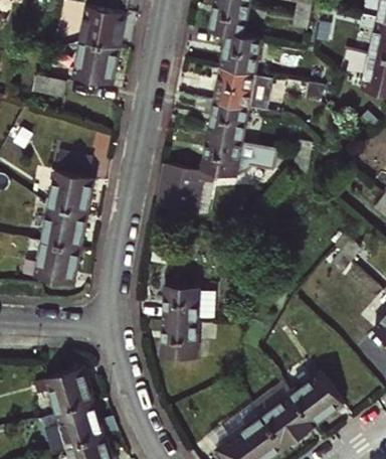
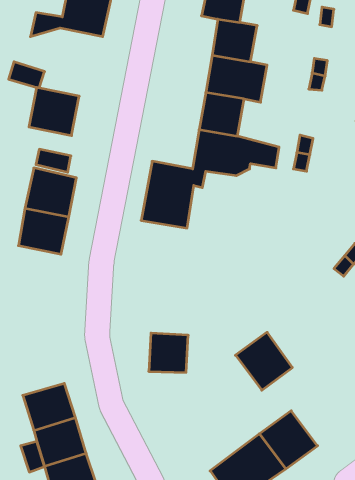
building: [71,41,118,86] -> [29,87,79,136]
building: [33,242,79,284] -> none
building: [162,286,198,324] -> none
building: [291,372,343,426] -> [235,332,292,390]

